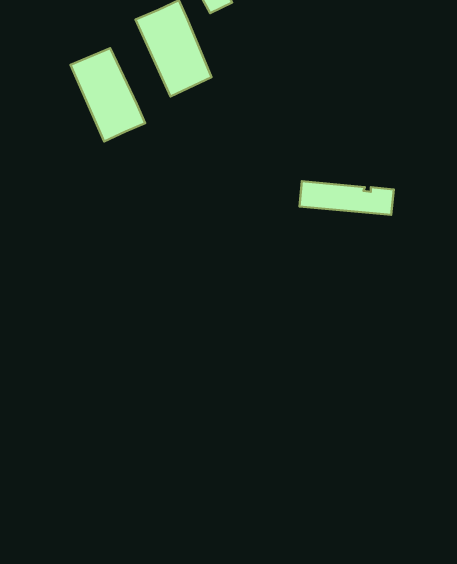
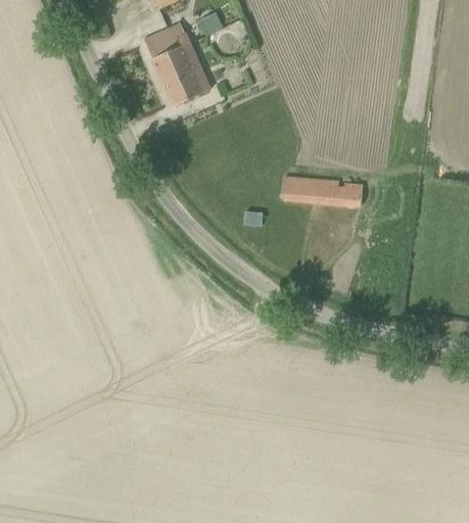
building: [71,48,145,141] -> none

